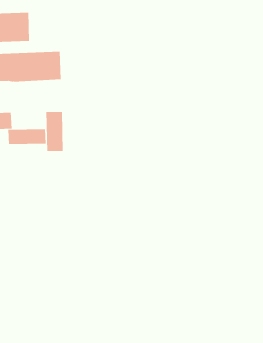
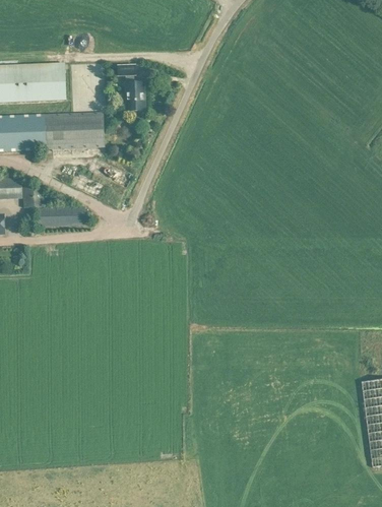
building: none -> [118,64,146,111]
building: [46,111,63,152] -> none

